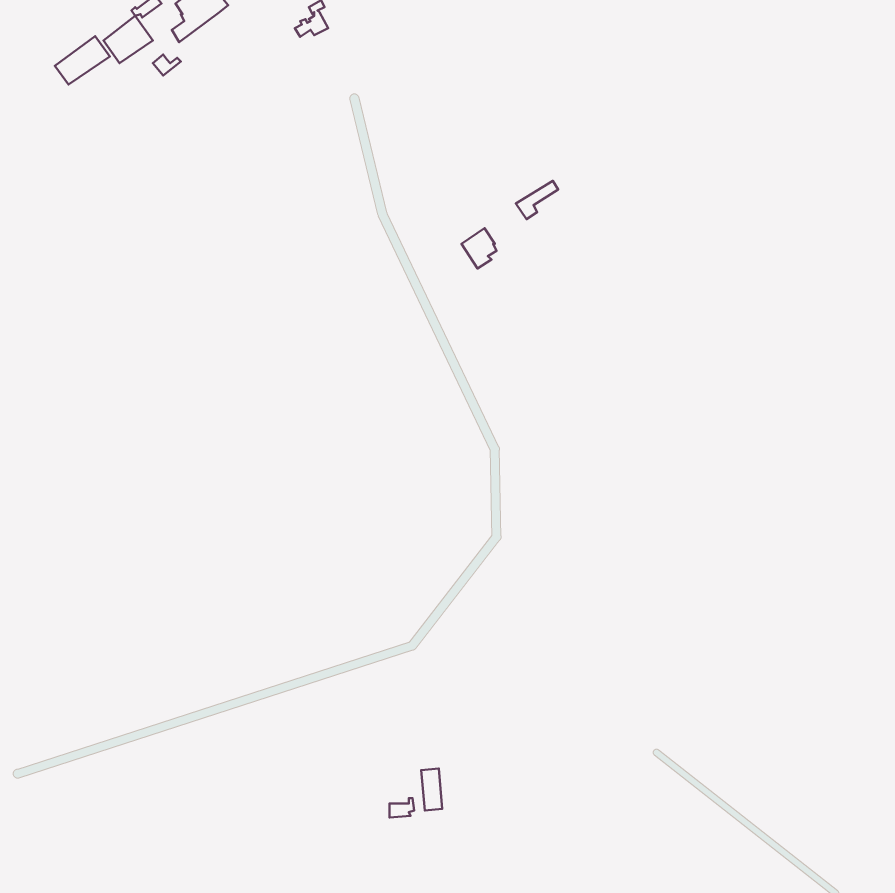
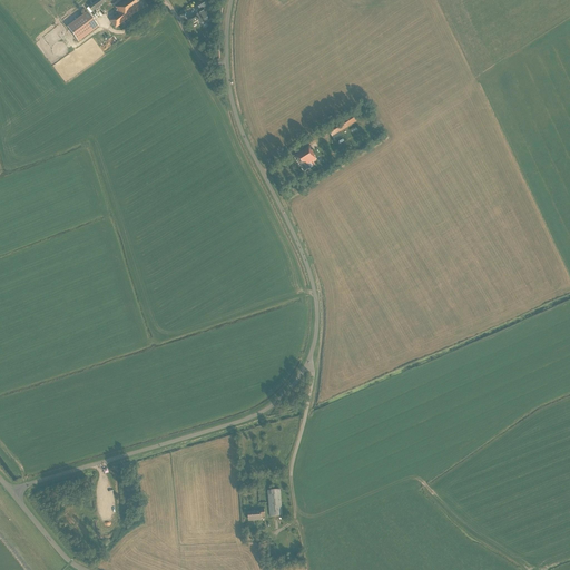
building: [55,36,110,84] -> none

